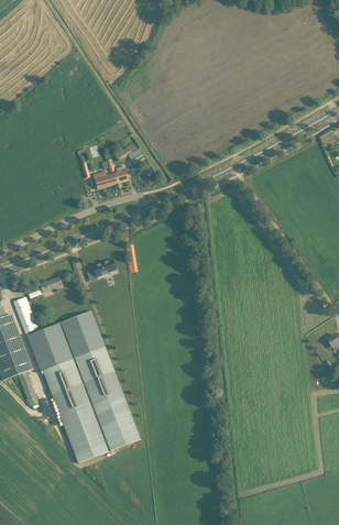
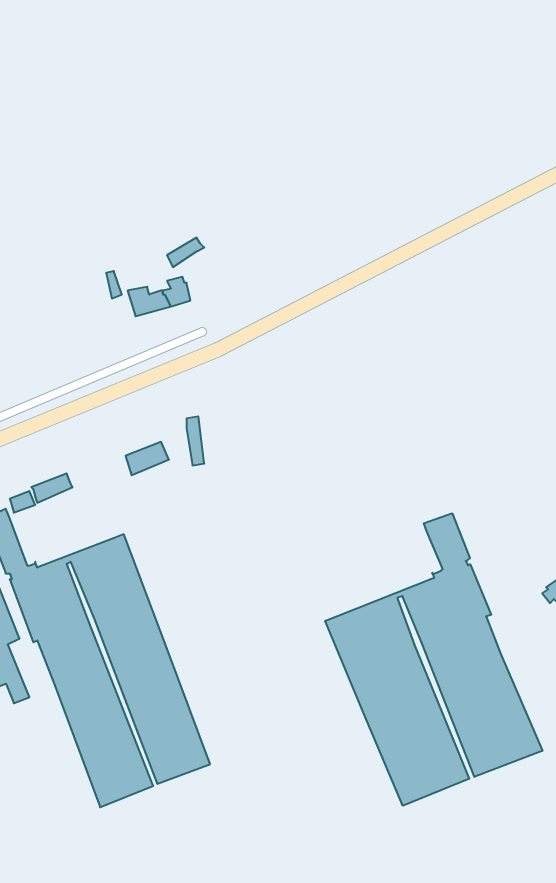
building: none -> [325,513,542,806]

